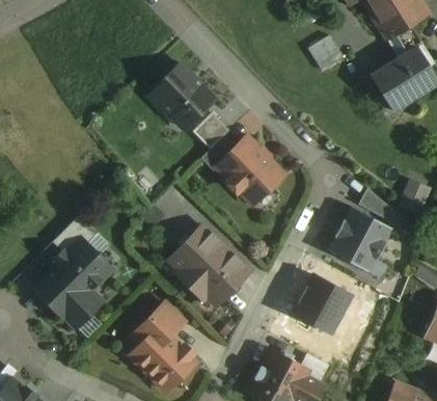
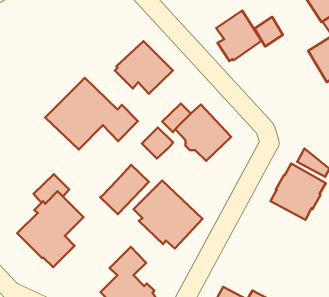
building: none -> [216,11,262,61]
building: none -> [45,78,138,150]
building: [193,113,229,150] -> [142,127,173,159]
building: none -> [100,165,149,214]
building: [292,275,352,336] -> none

